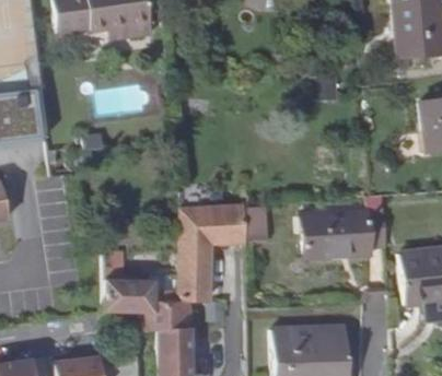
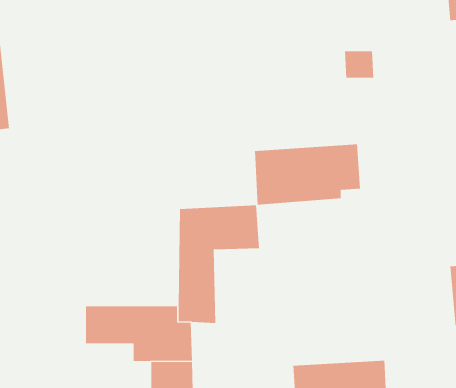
building: [301,205,386,255] -> [254,144,361,205]

